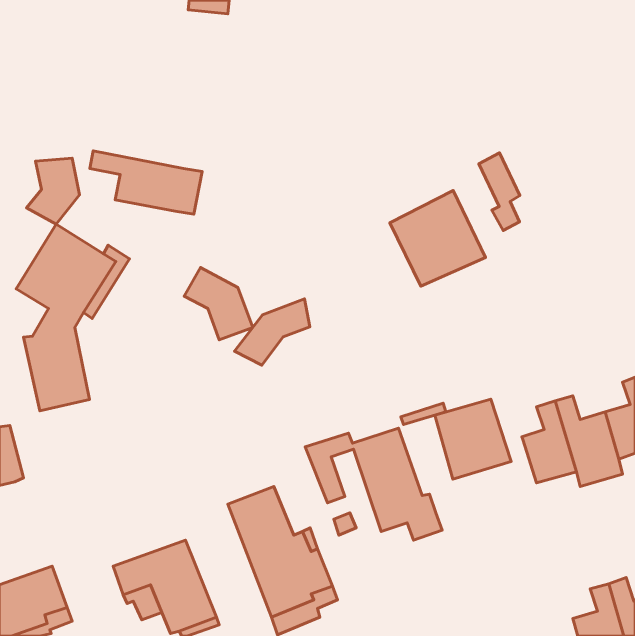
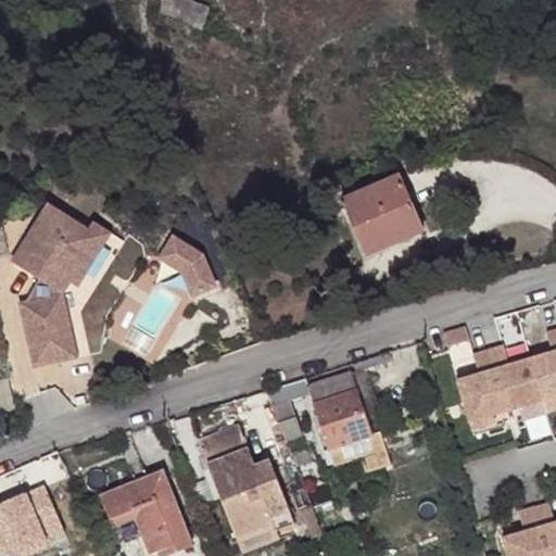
building: [90,151,202,214] -> none
building: [479,153,520,231] -> none
building: [27,158,79,224] -> none
building: [235,299,310,365] -> none
building: [435,399,511,479] -> none

